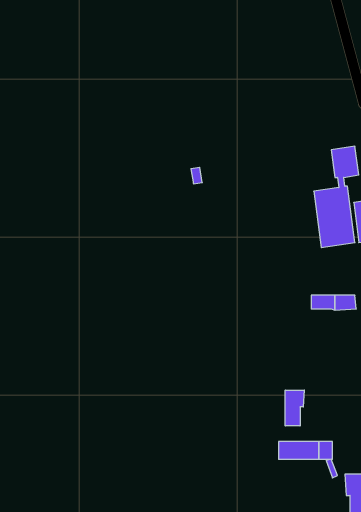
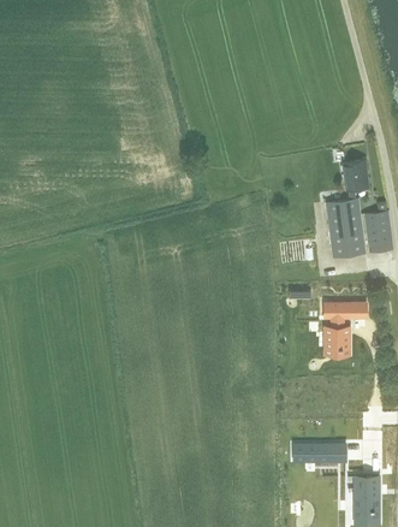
building: none -> [331,316,349,355]
building: [285,390,304,426] -> none

